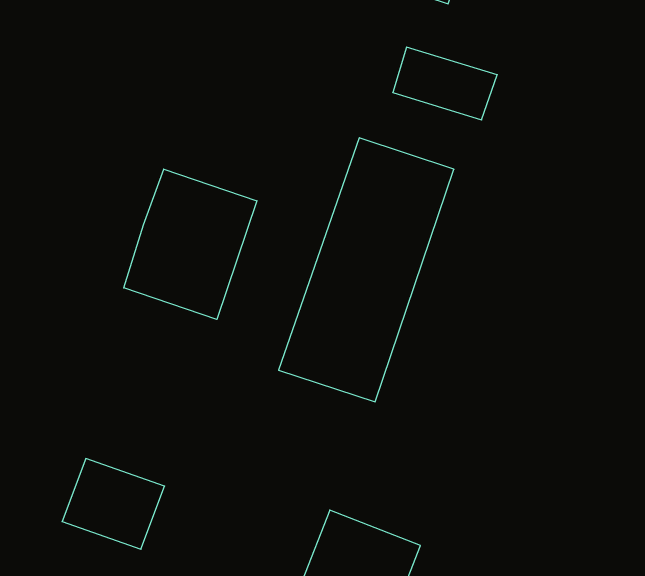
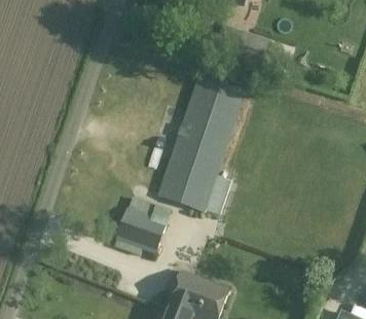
building: [124,169,257,319] -> none
building: [62,459,165,549] -> [116,206,170,253]

